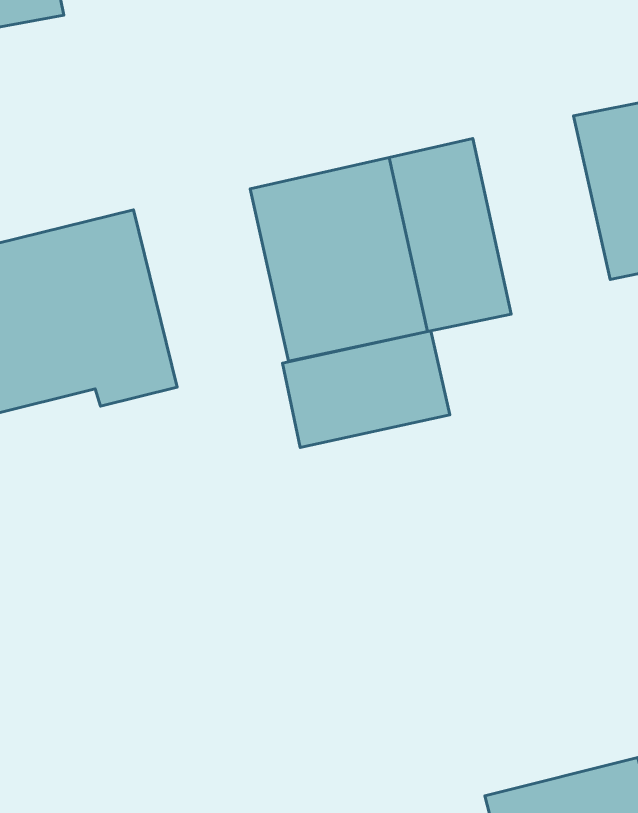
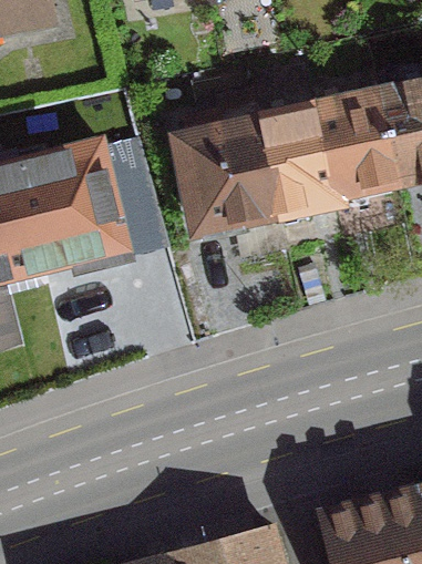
building: none -> [309,84,397,211]
building: [282,331,450,448] -> none

